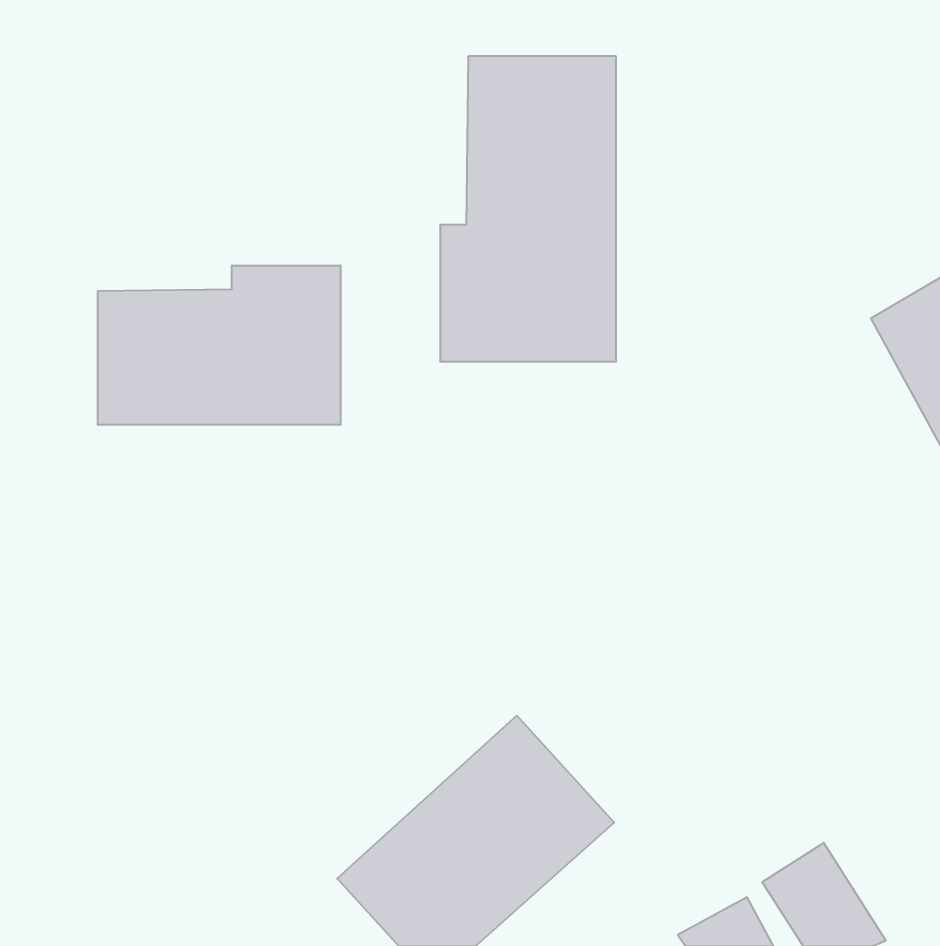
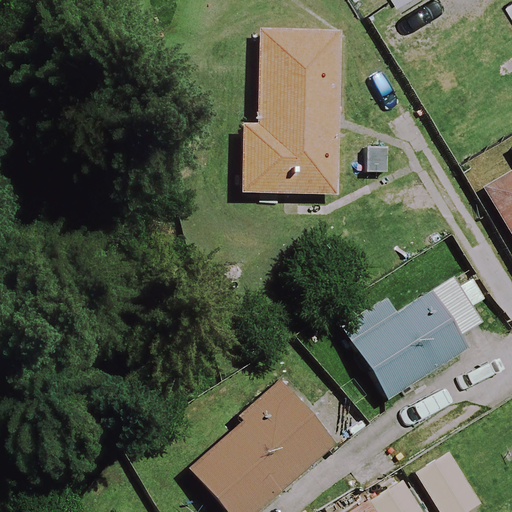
building: [98,265,341,425] -> none
building: none -> [342,274,494,399]

